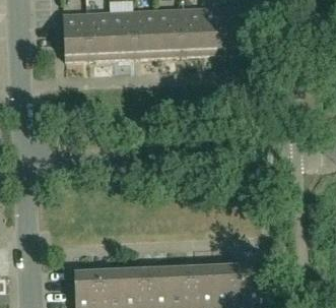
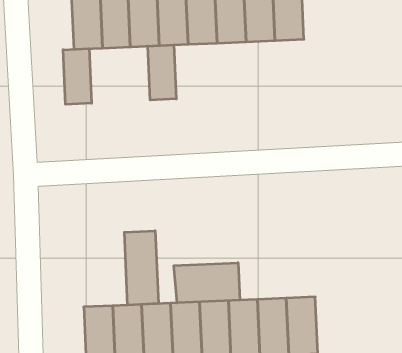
building: none -> [148,45,176,100]
building: none -> [63,49,92,104]
building: none -> [124,231,158,305]
building: none -> [174,263,240,303]

